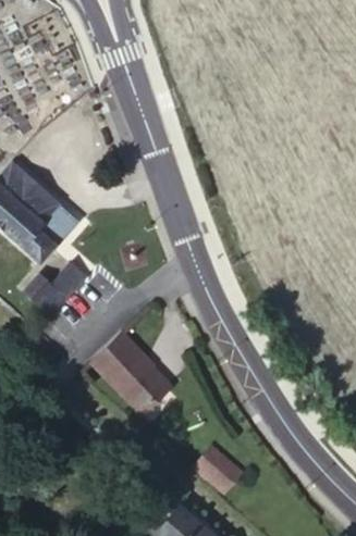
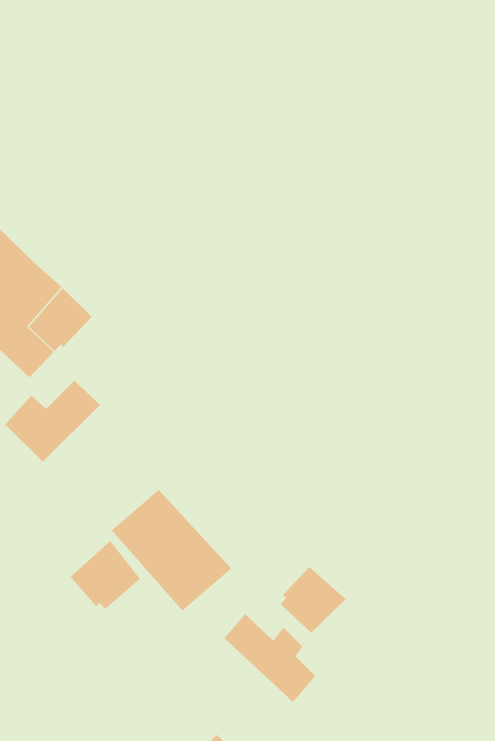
building: none -> [70,540,141,610]
building: none -> [280,566,346,633]

